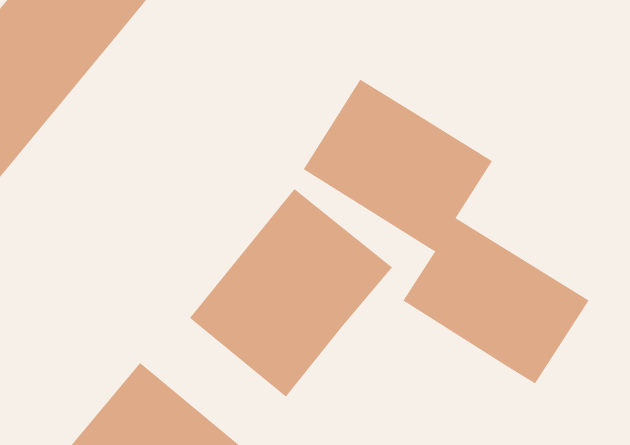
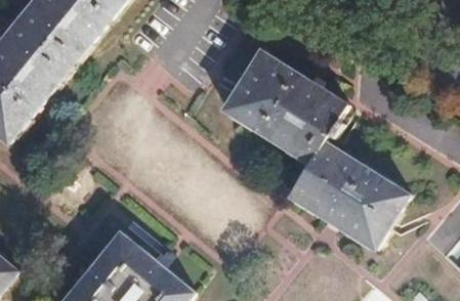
building: [189,188,393,397] -> none

